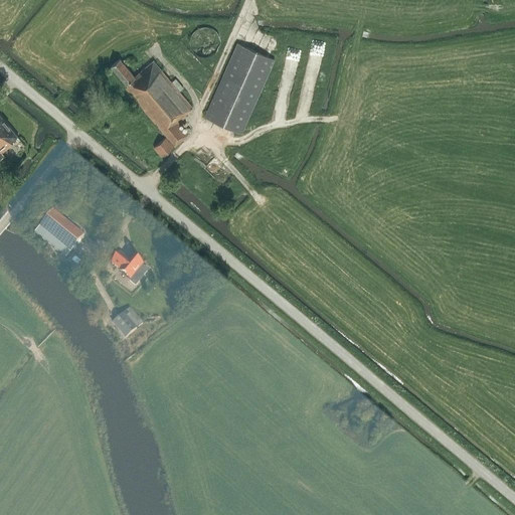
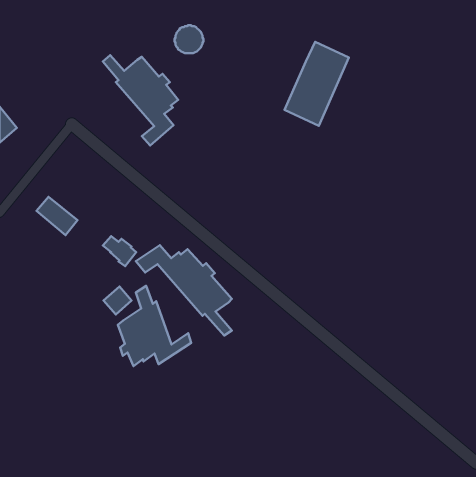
building: [204,43,274,134] -> [284,42,349,126]
building: none -> [136,245,232,336]
building: none -> [118,286,191,366]

